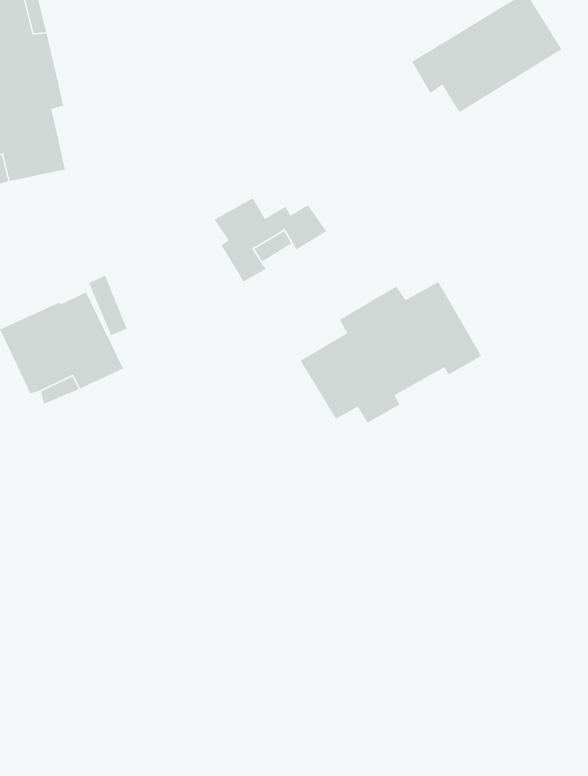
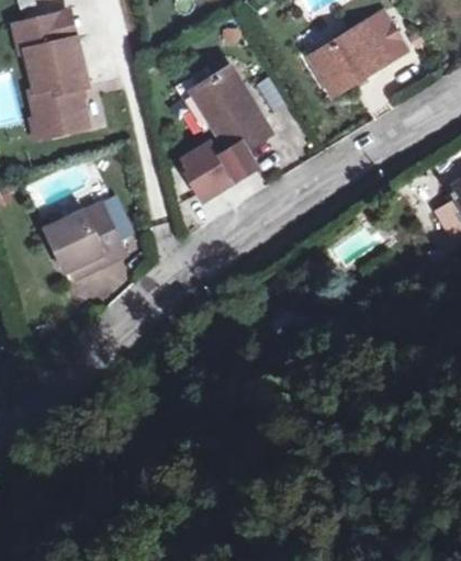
building: none -> [188,66,268,155]
building: [300,281,482,424] -> none

